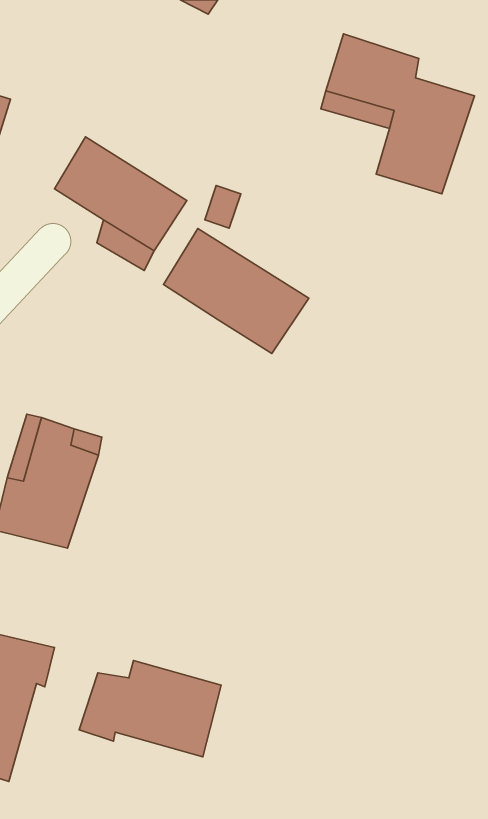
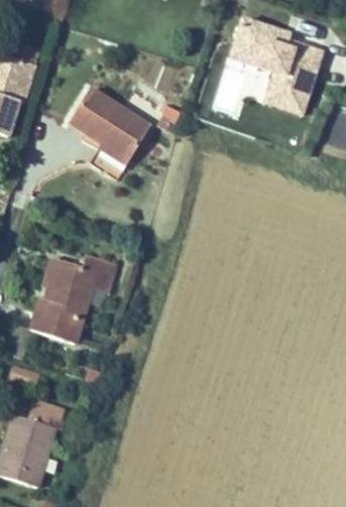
building: [163,228,309,353] -> none
building: [79,660,221,757] -> none

